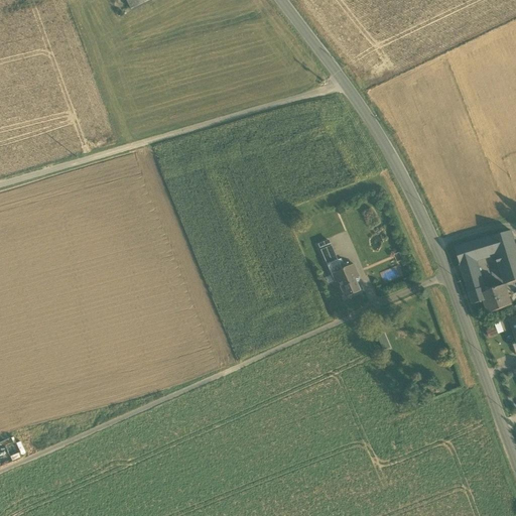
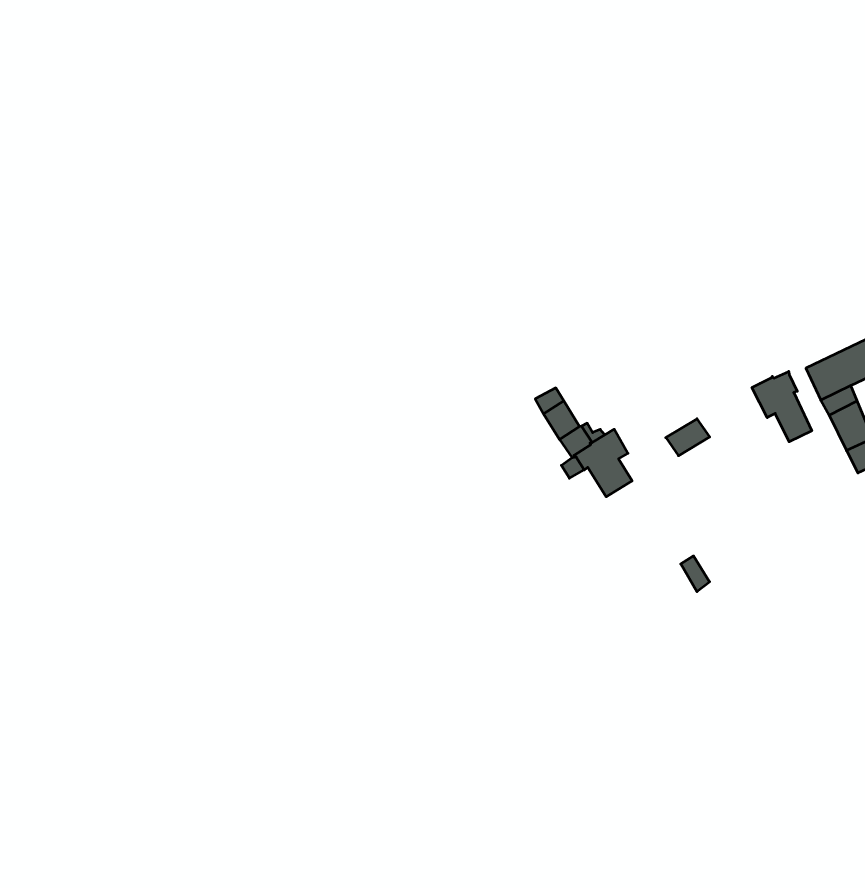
building: none -> [752,371,812,442]

